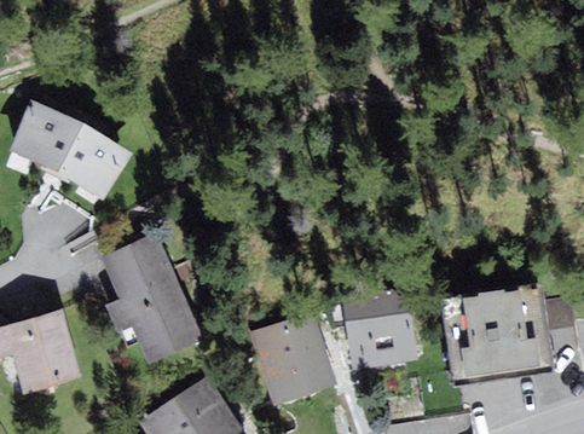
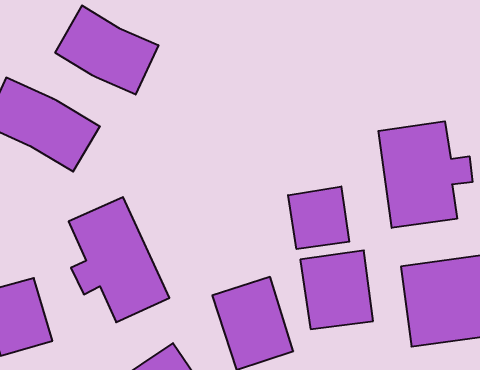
building: none -> [55,5,158,95]
building: none -> [378,121,472,228]
building: none -> [288,186,349,249]

